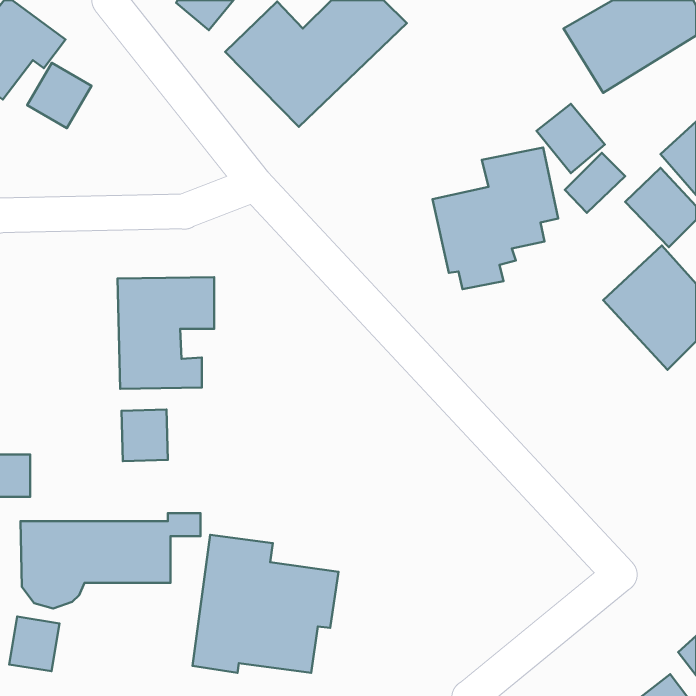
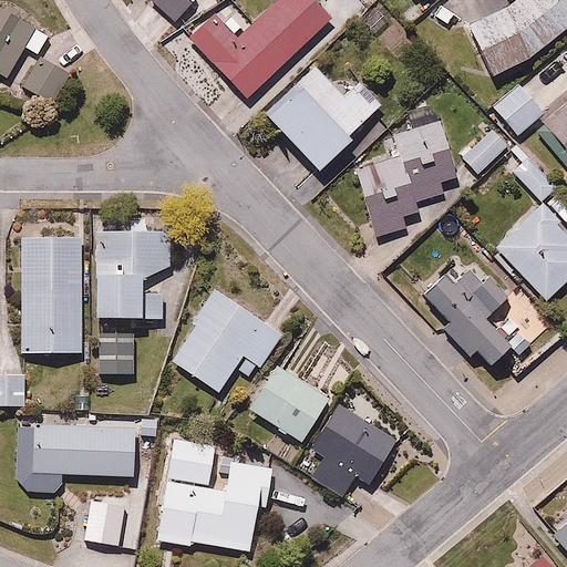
building: none -> [262,69,386,173]
building: [537,104,605,173] -> [488,80,544,136]
building: none -> [23,236,83,355]
building: none -> [419,261,511,369]
building: none -> [167,286,287,396]
building: none -> [246,362,333,445]
building: none -> [309,402,398,501]
building: [9,617,60,671] -> [85,502,126,546]

